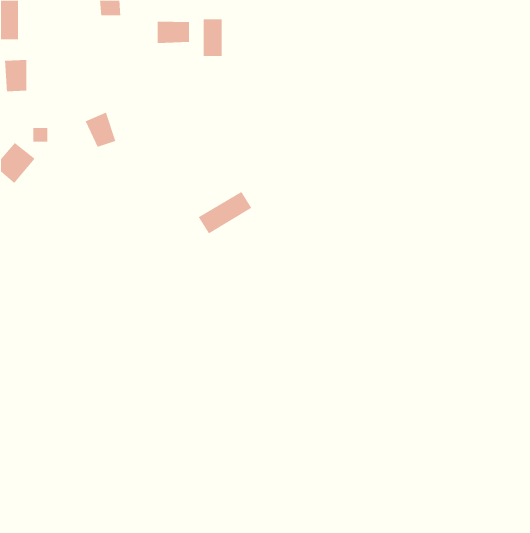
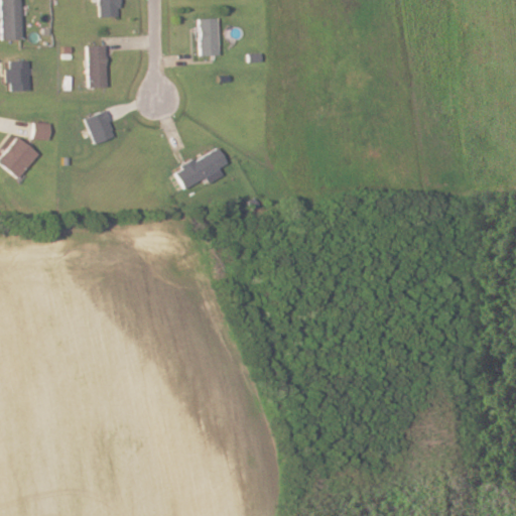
building: [157,21,190,44] -> none
building: none -> [89,46,107,87]
building: [198,191,252,234] -> [175,148,228,189]

